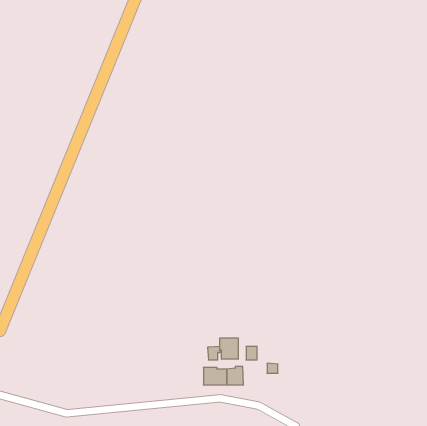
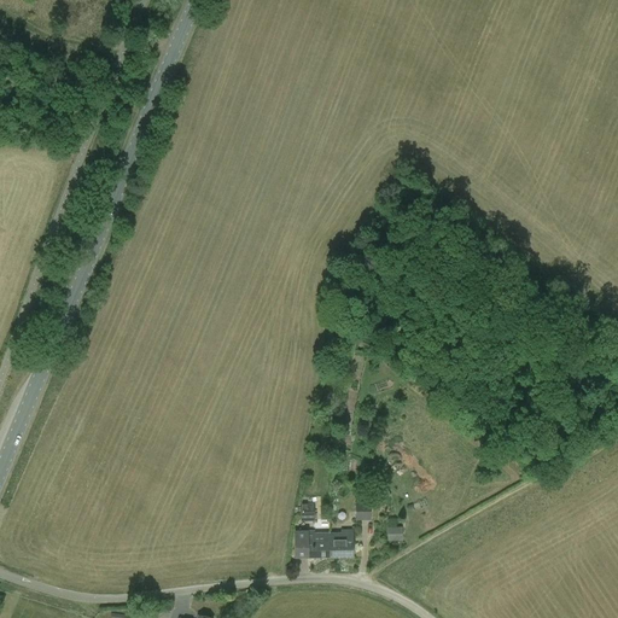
building: [220,338,238,359] -> none

